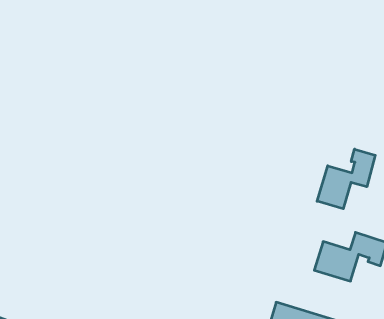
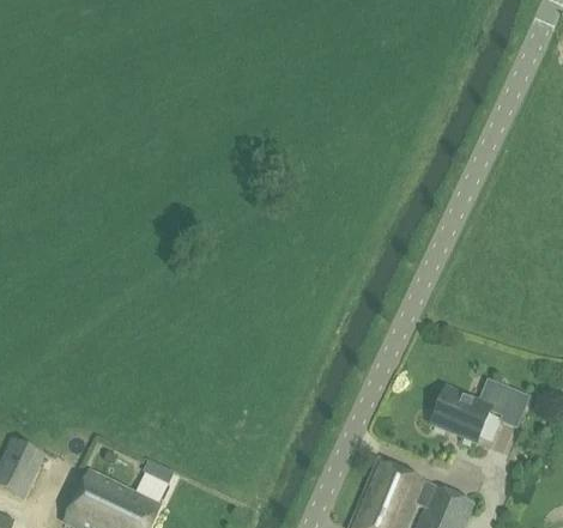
building: [317,149,375,209] -> none

